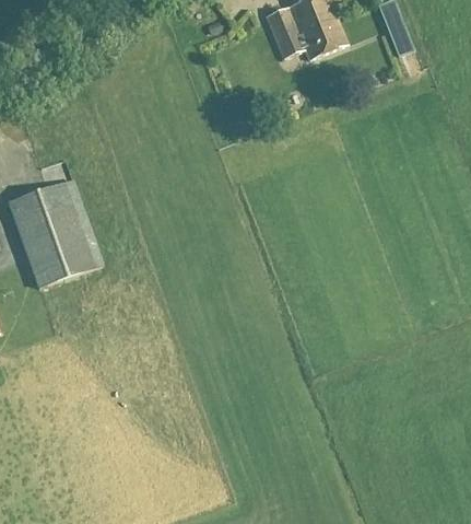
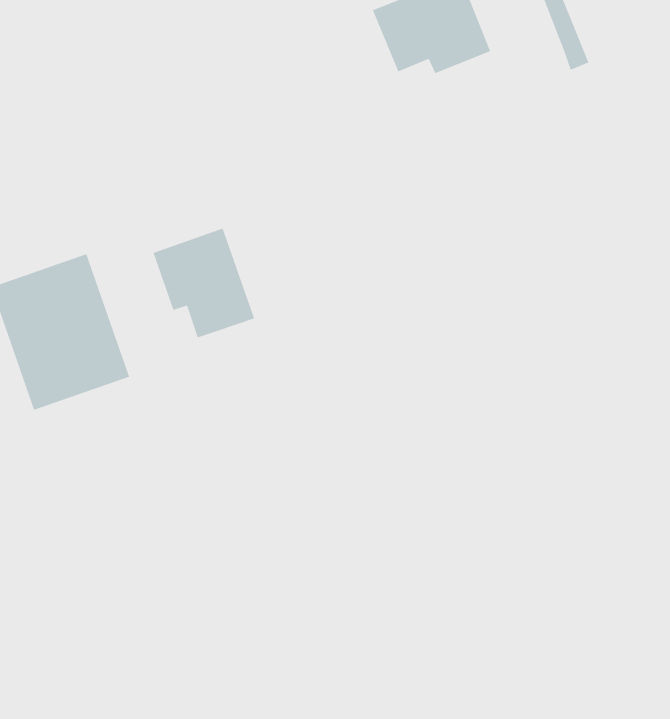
building: none -> [153,227,255,339]

